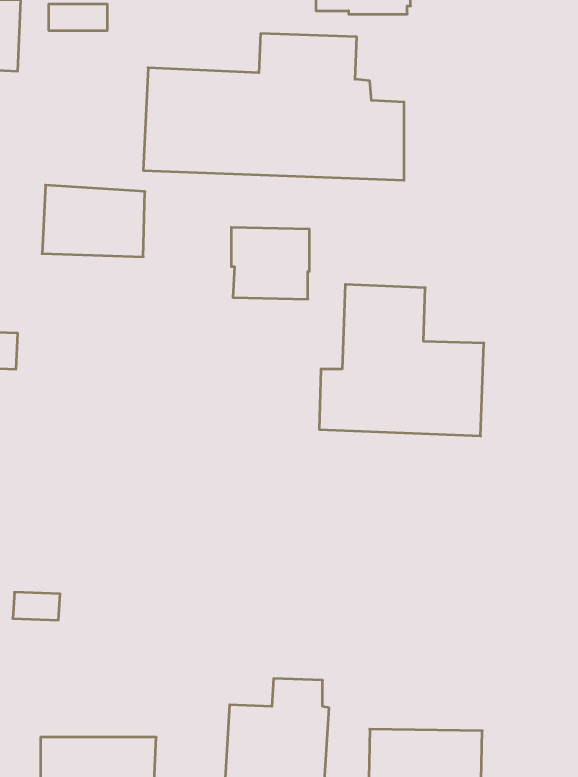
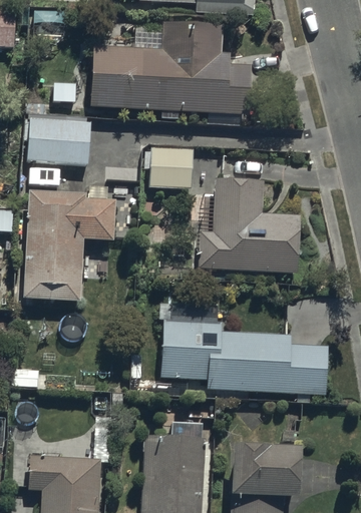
building: none -> [23,190,115,303]
building: none -> [158,302,327,395]

